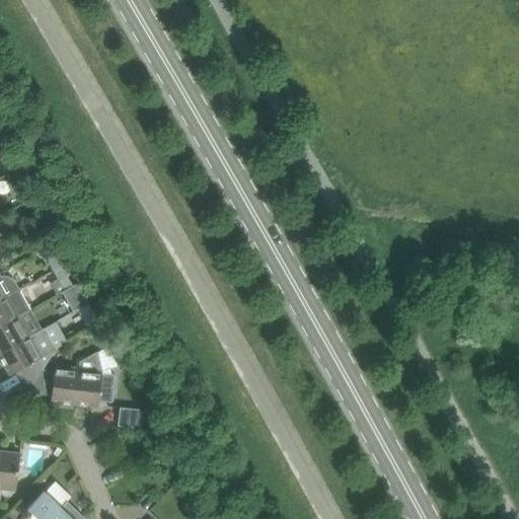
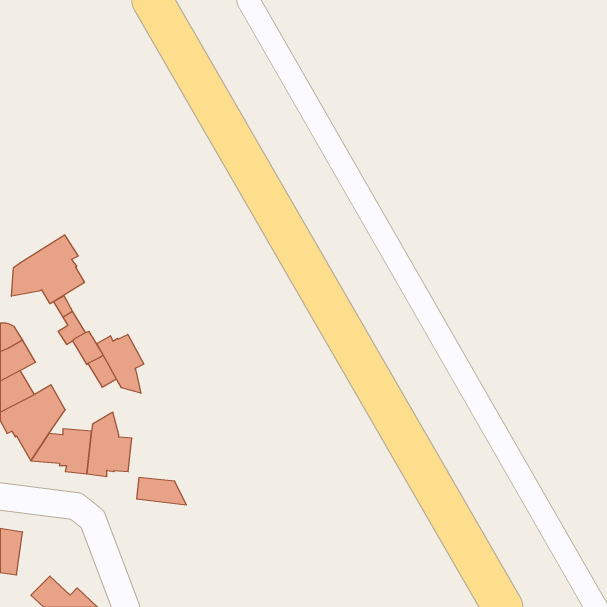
building: none -> [11,235,84,304]
building: none -> [97,334,144,393]

